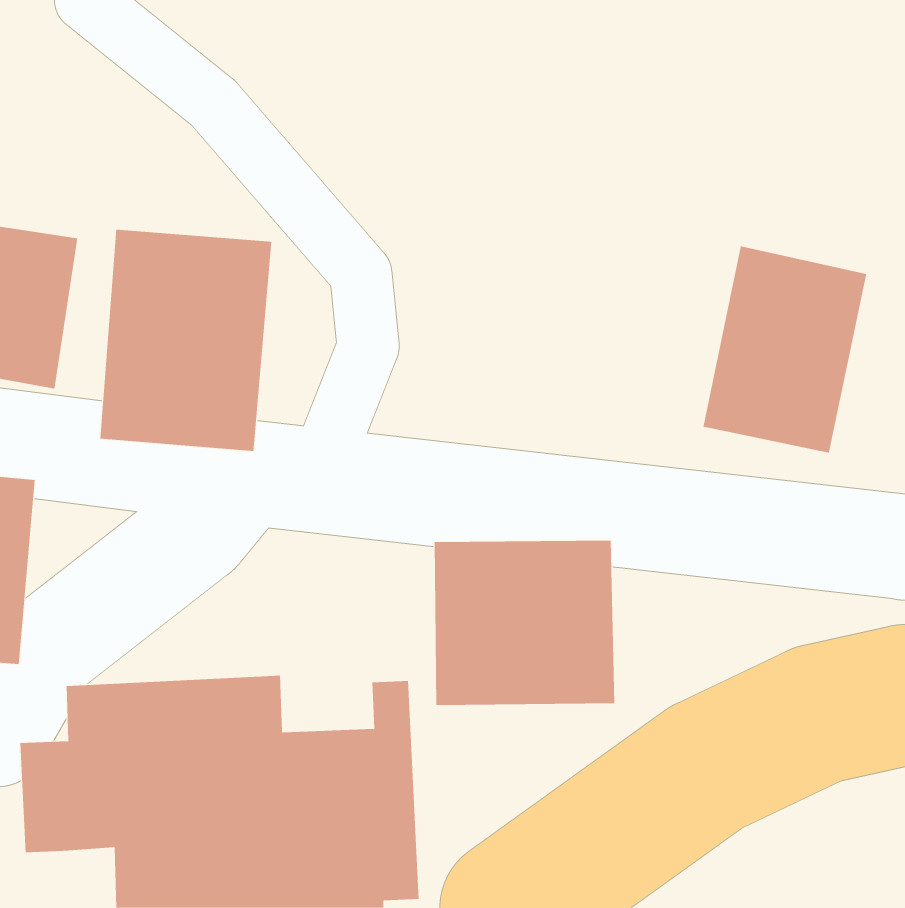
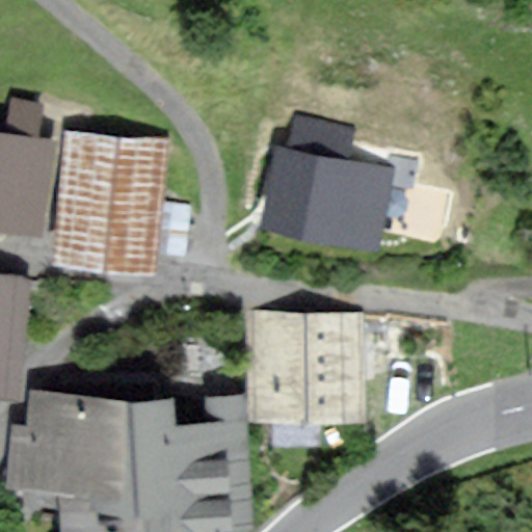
building: [703,245,867,453] -> none
building: none -> [266,150,385,244]

